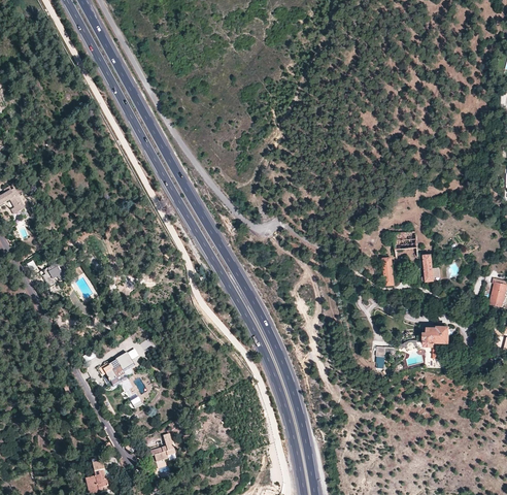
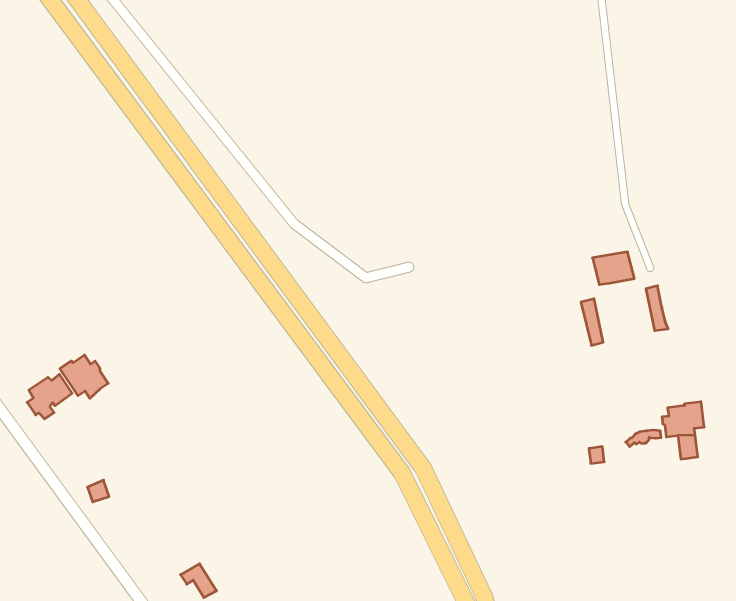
building: none -> [60,355,108,398]
building: [101,353,136,385] -> none

